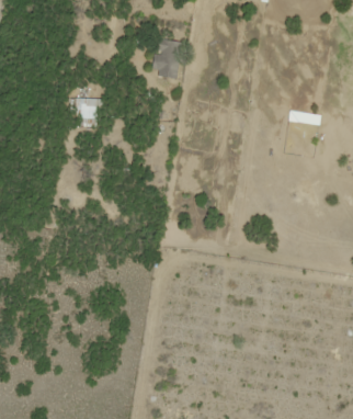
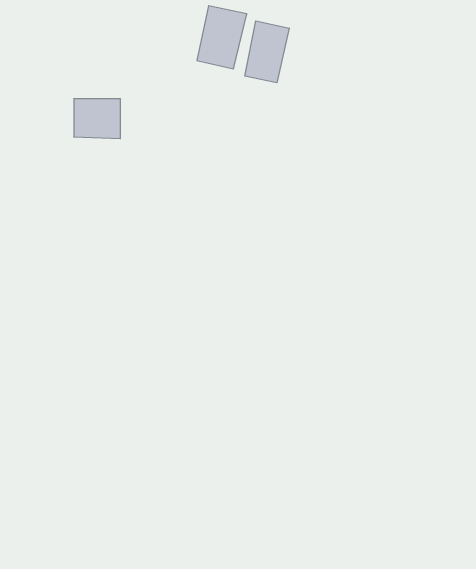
building: none -> [245,21,289,83]

